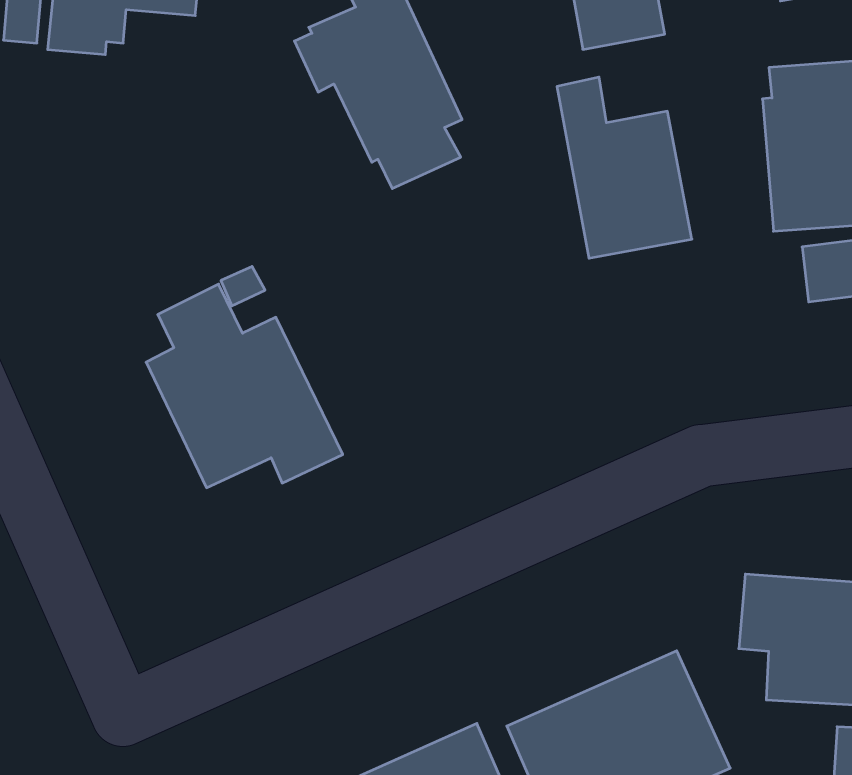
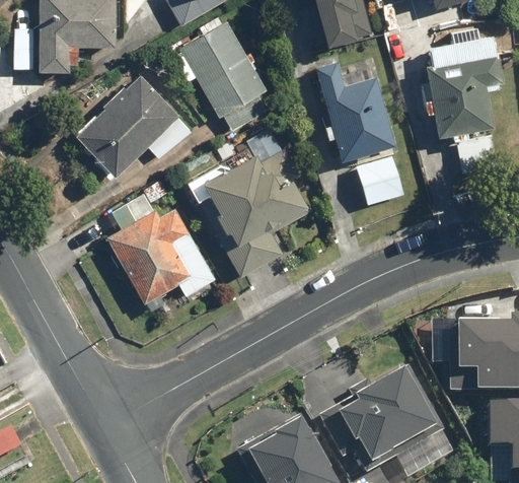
building: none -> [76,75,191,176]
building: none -> [188,147,310,275]
building: none -> [356,154,403,203]

